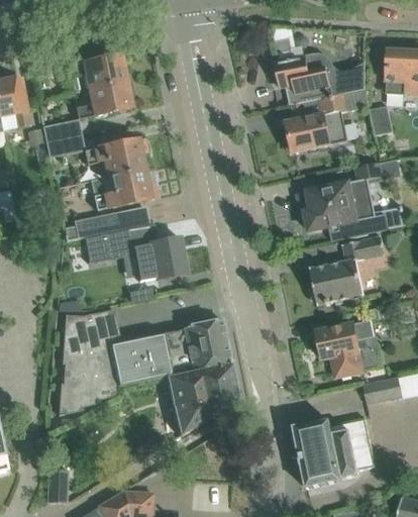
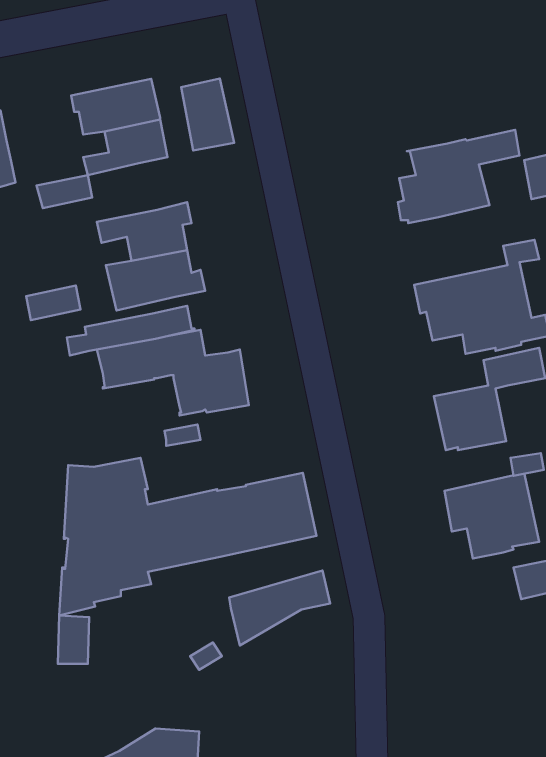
building: [275,37,365,102] -> none
building: none -> [181,79,234,151]
building: [47,133,84,157] -> [26,285,80,320]
building: [167,360,235,402] -> none
building: [294,416,376,487] -> none
building: [46,469,68,501] -> [58,616,89,664]

